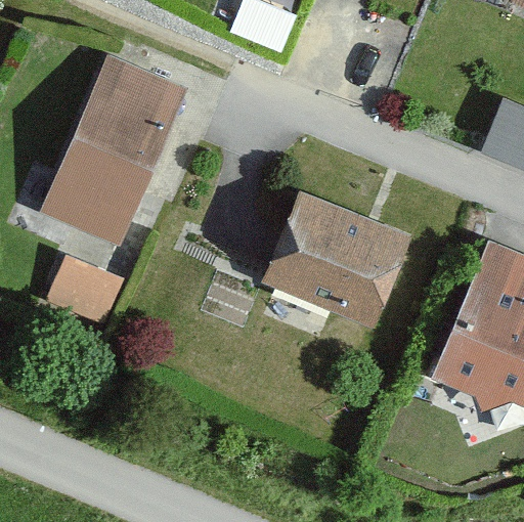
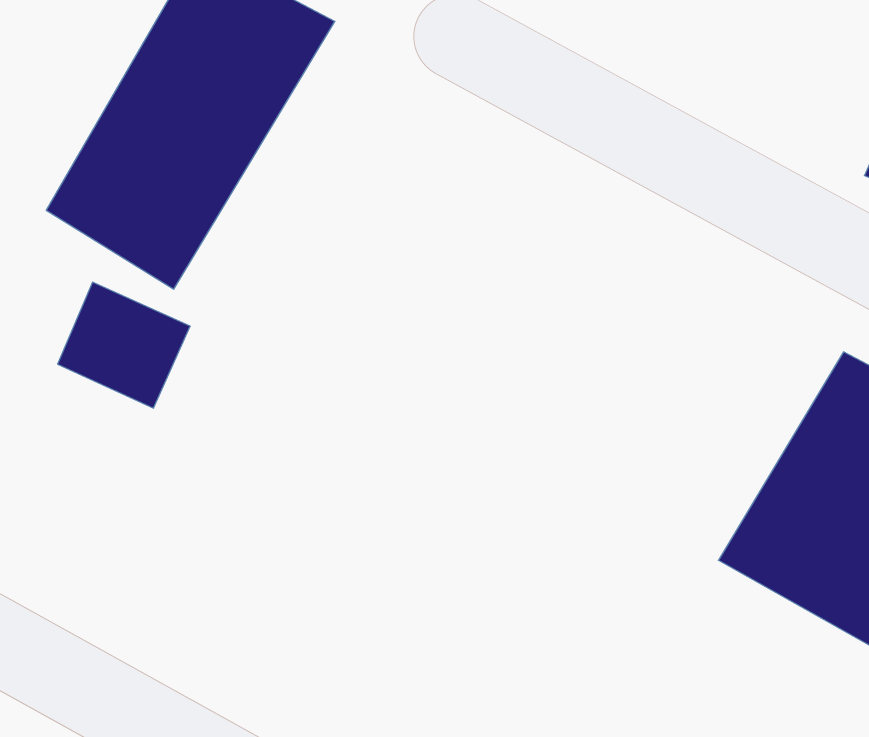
building: [256,194,416,333] -> none

